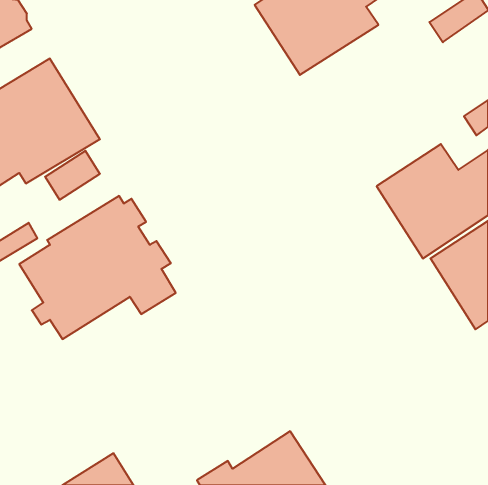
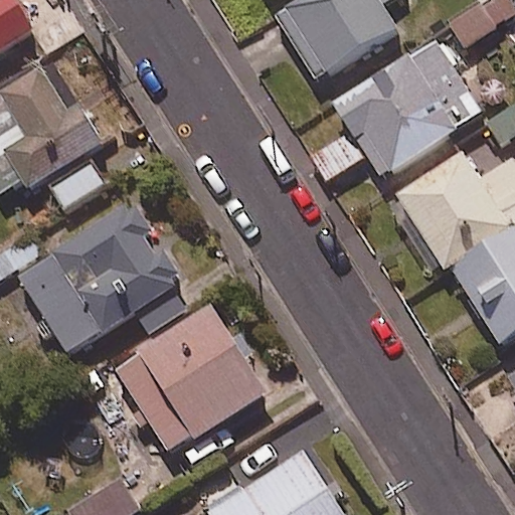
building: none -> [310,37,472,179]
building: none -> [115,304,268,450]

